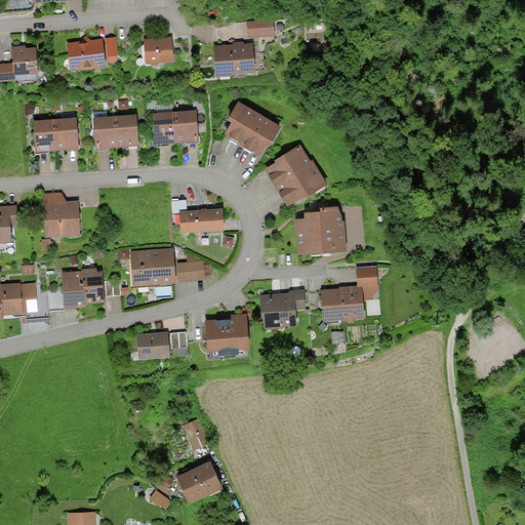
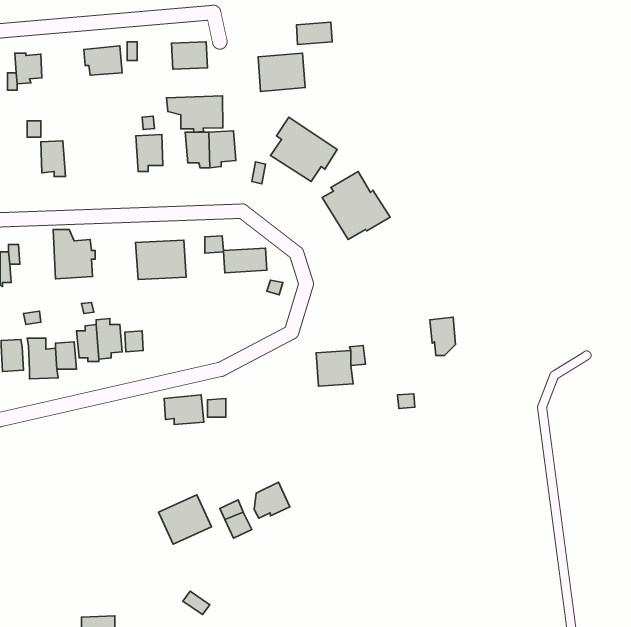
building: none -> [167,96,223,132]
building: [94,116,115,147] -> none
building: [52,118,75,150] -> none
building: [296,206,345,250] -> none
building: [131,249,173,282] -> [136,240,186,280]
building: [177,261,202,280] -> none
building: [322,285,363,317] -> none
building: [206,316,246,354] -> none
building: none -> [254,482,290,518]
building: [177,465,221,506] -> [158,495,211,544]

